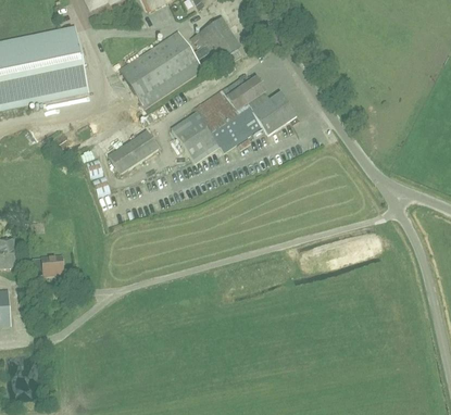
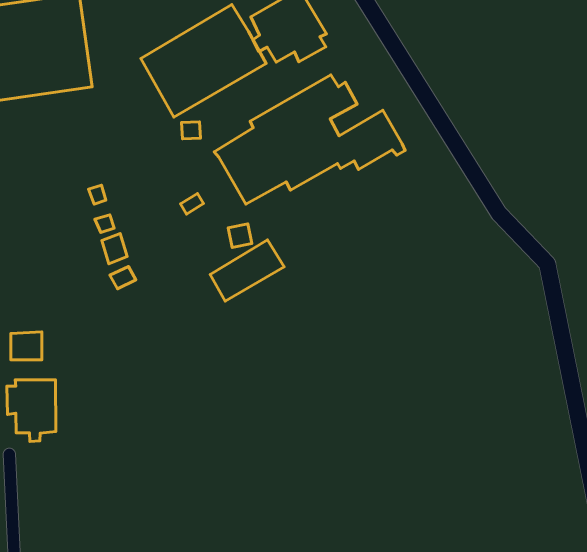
building: [109,129,158,172] -> [210,240,284,301]
building: none -> [7,380,56,442]

